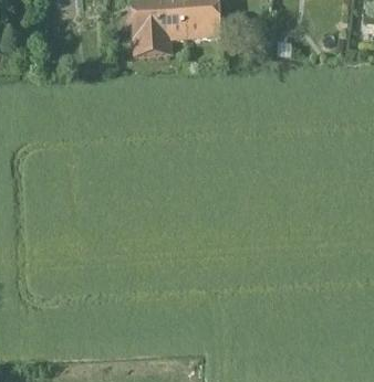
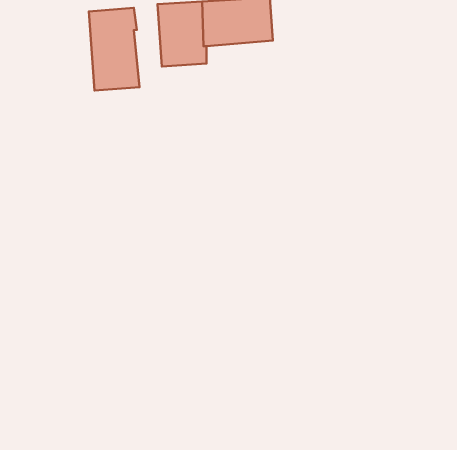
building: none -> [89,8,139,90]

